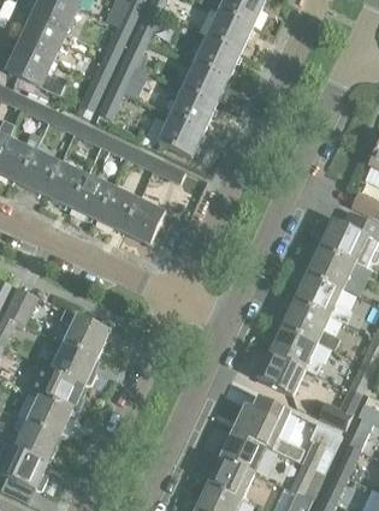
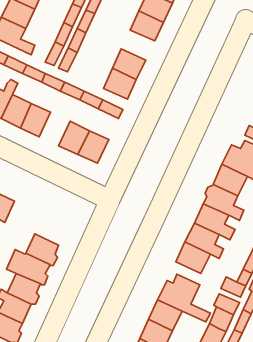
building: [182,61,227,102] -> none
building: [70,173,112,219] -> none
building: [59,307,109,355] -> none

